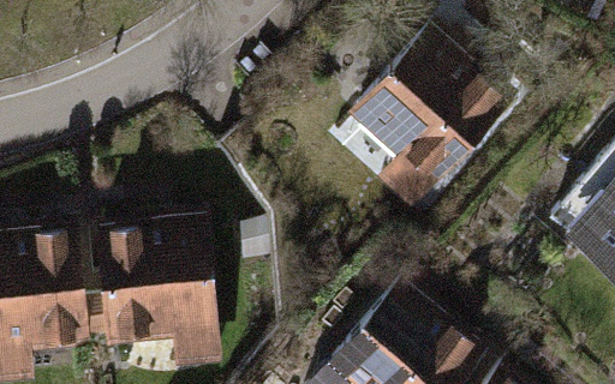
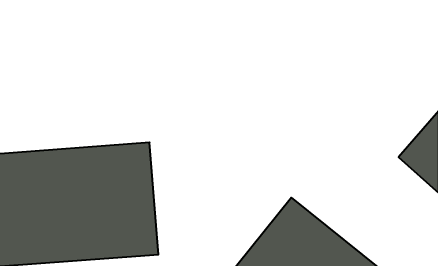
building: [339,22,514,199] -> none

